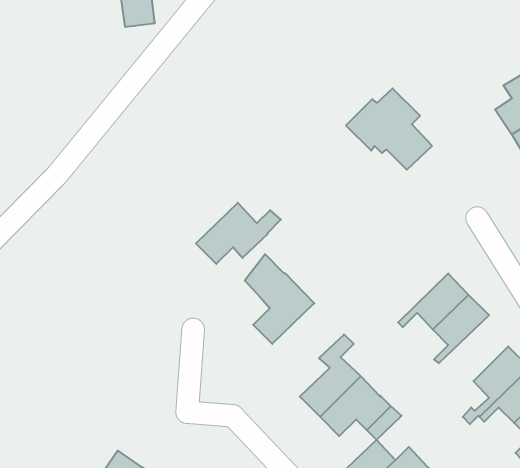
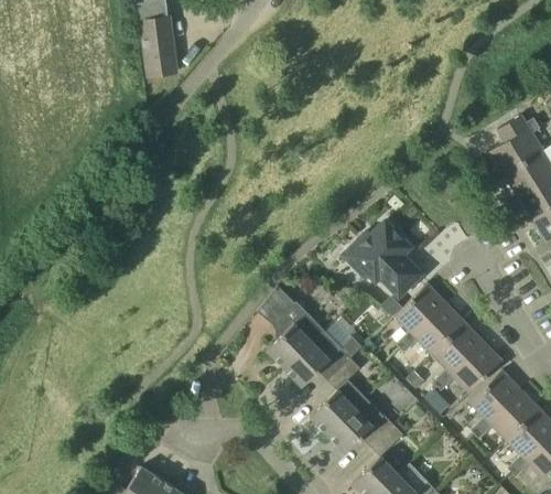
building: [346,88,432,170] -> [343,222,422,297]
building: [196,203,281,264] -> [284,331,363,387]
building: none -> [395,284,446,348]
building: none -> [437,342,503,394]

